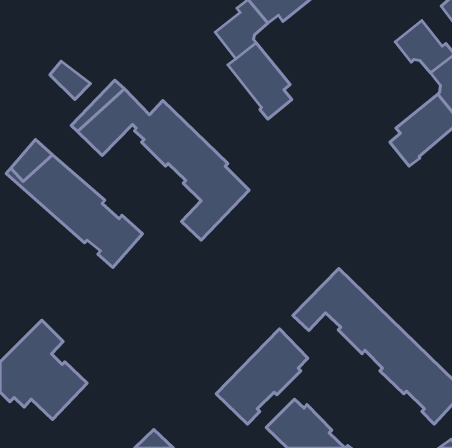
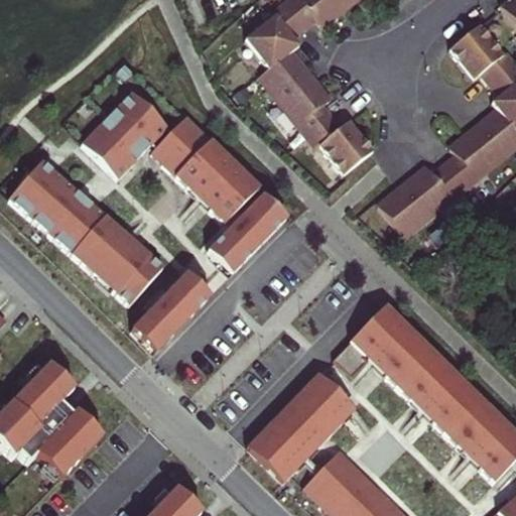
building: [50,61,90,100] -> none
building: none -> [306,113,374,173]
building: none -> [380,161,467,236]
building: none -> [133,272,210,350]

